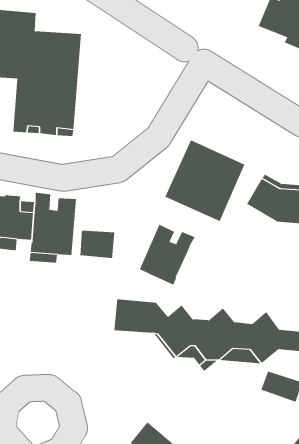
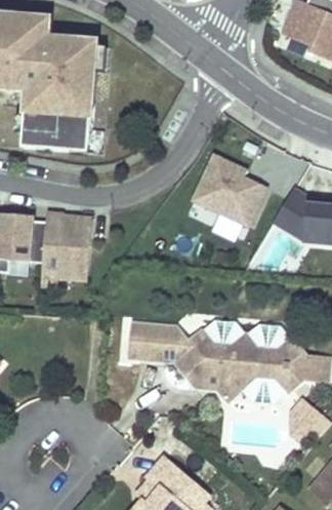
building: [139,224,195,285] -> none
building: [80,230,115,259] -> none

